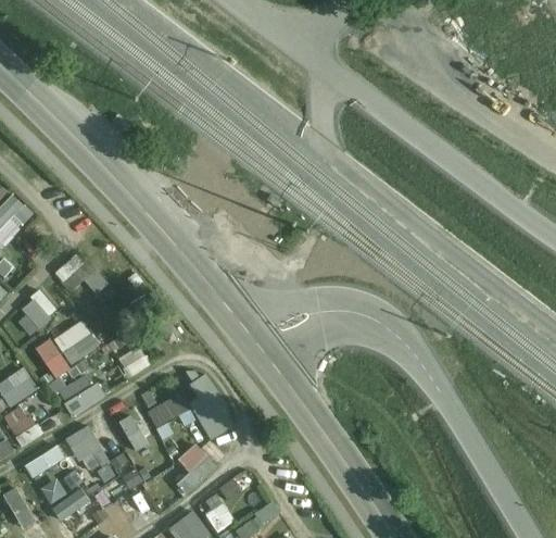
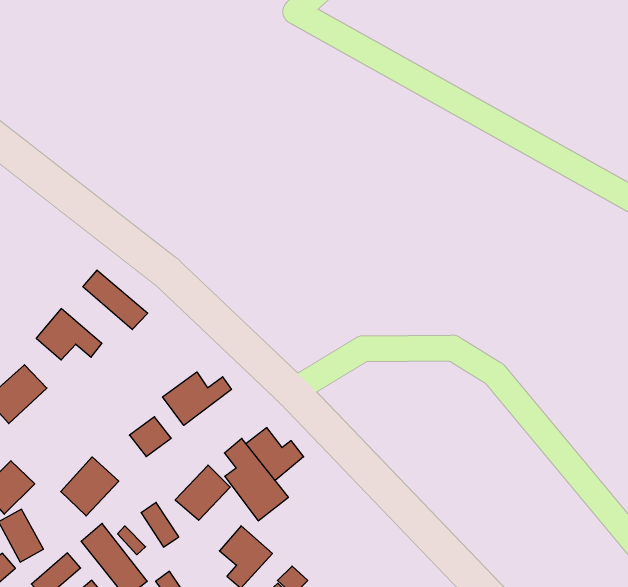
building: none -> [83,270,148,330]
building: none -> [163,372,231,425]
building: [55,322,99,364] -> none
building: [34,339,70,379] -> none
building: none -> [246,428,304,480]

